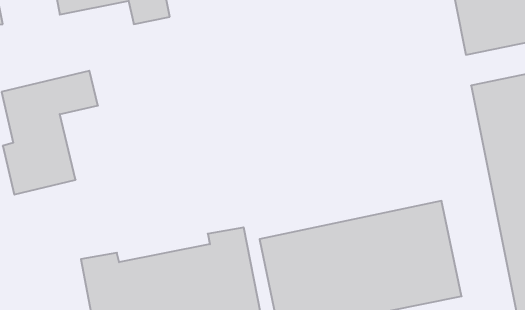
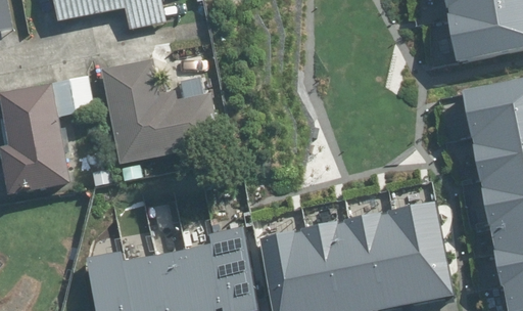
building: none -> [106,55,230,163]

